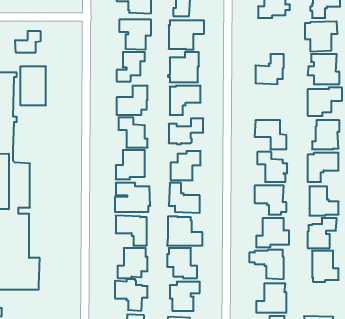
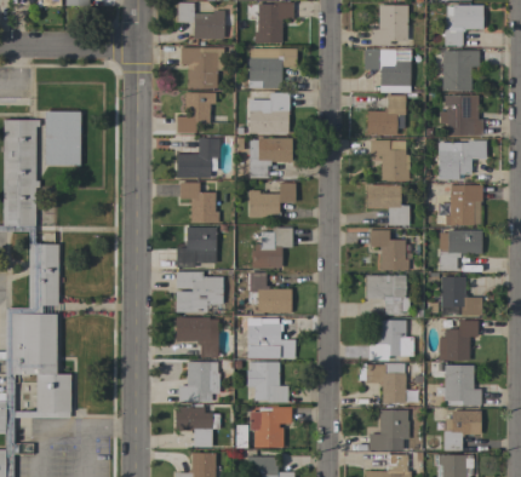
building: none -> [363,48,411,92]
building: [15,31,40,53] -> none
building: none -> [371,139,410,180]
building: none -> [443,410,481,449]

